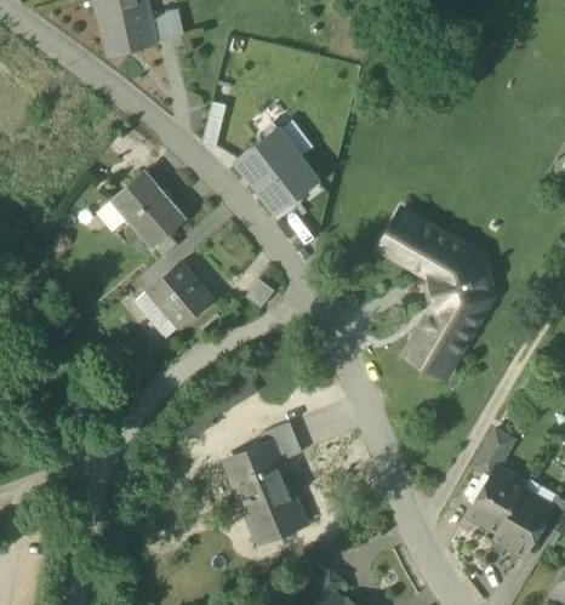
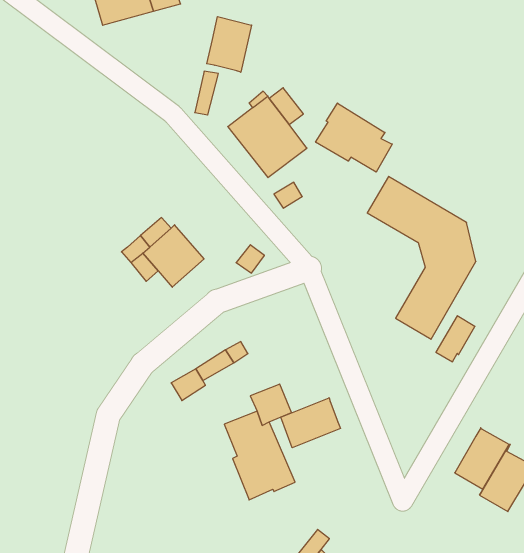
building: none -> [207,17,252,72]
building: none -> [316,103,392,172]
building: [115,170,188,246] -> none
building: [473,432,513,479] -> [436,316,475,362]
building: none -> [281,398,340,448]

